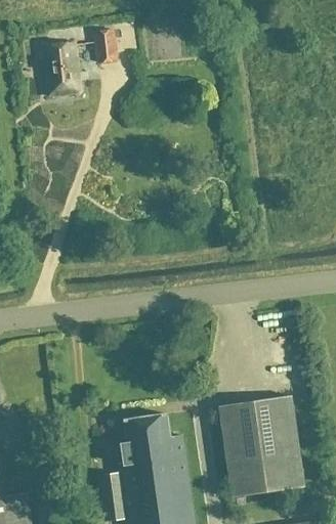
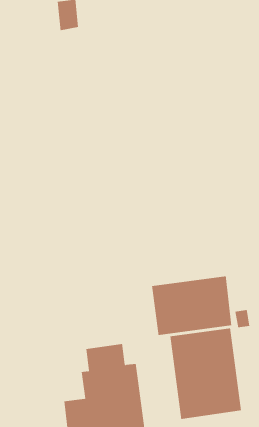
building: [43,45,80,97] -> none
building: none -> [152,275,232,336]

